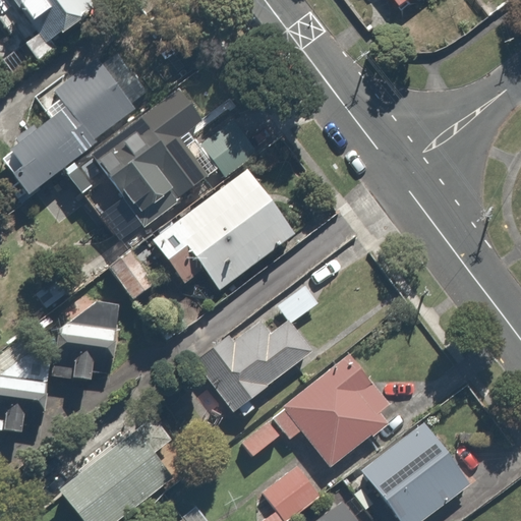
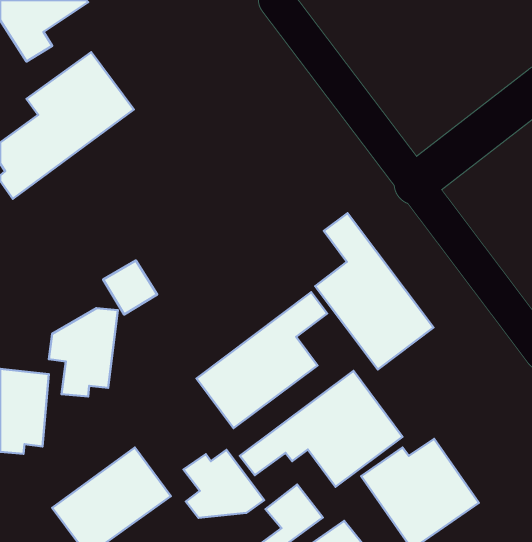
building: [68,88,225,237] -> none
building: [154,170,294,290] -> none
building: none -> [315,213,433,370]
building: none -> [184,450,264,518]

